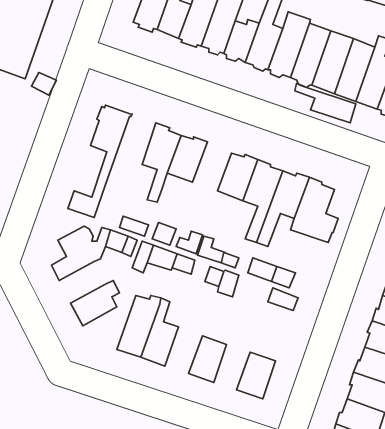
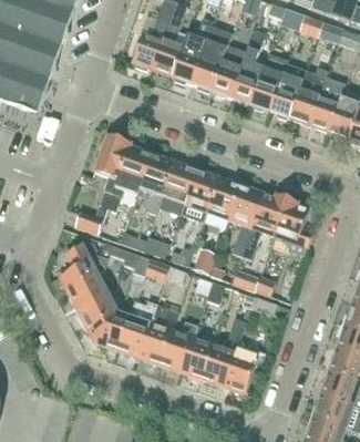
building: [295,83,356,123] -> none
building: none -> [107,145,152,208]
building: none -> [184,167,218,210]
building: none -> [66,273,107,309]
building: none -> [88,307,132,350]
building: none -> [203,319,245,386]
building: none -> [160,330,193,371]

